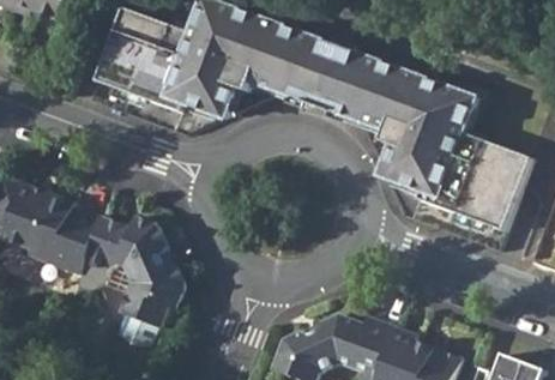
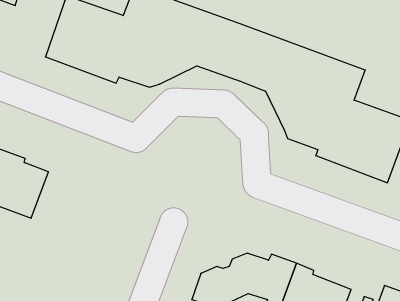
building: [76,217,185,345] -> none

